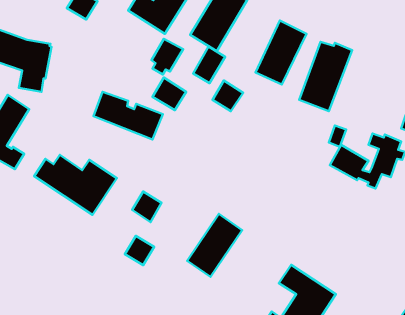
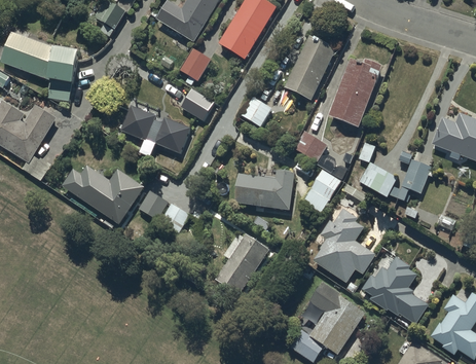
building: [193,46,225,83] -> none
building: none -> [293,129,328,160]
building: none -> [234,167,294,207]
building: none -> [303,167,340,210]
building: none -> [314,207,376,280]
building: [125,236,154,265] -> [139,193,169,223]
building: none -> [362,254,429,322]

